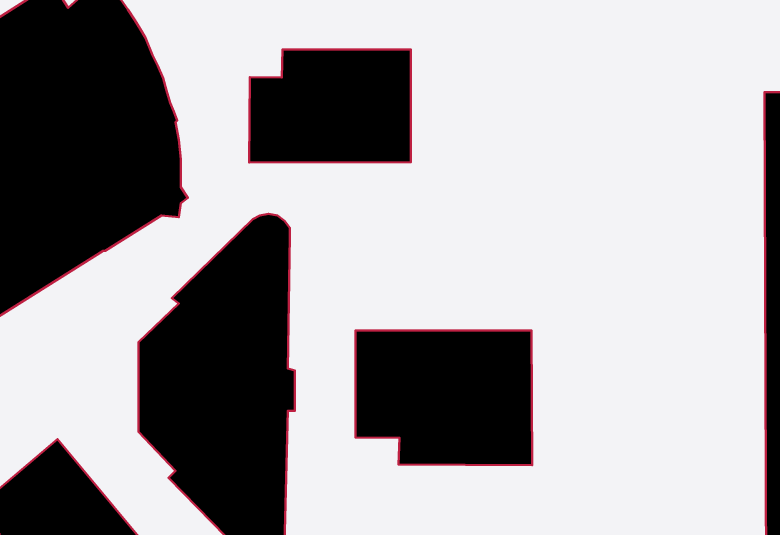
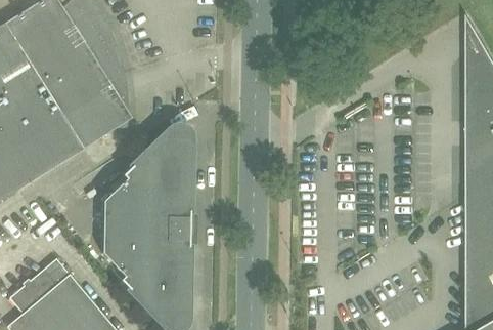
building: [249,50,411,162] -> none
building: [355,330,532,465] -> none

